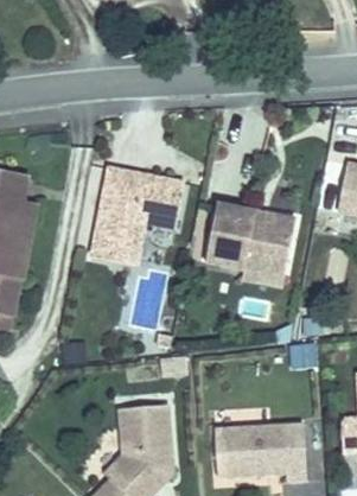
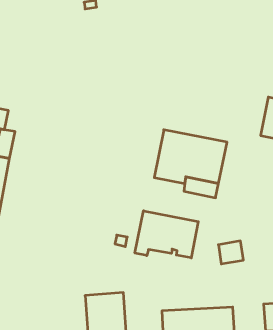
building: [91,166,184,263] -> none
building: none -> [135,211,198,258]

